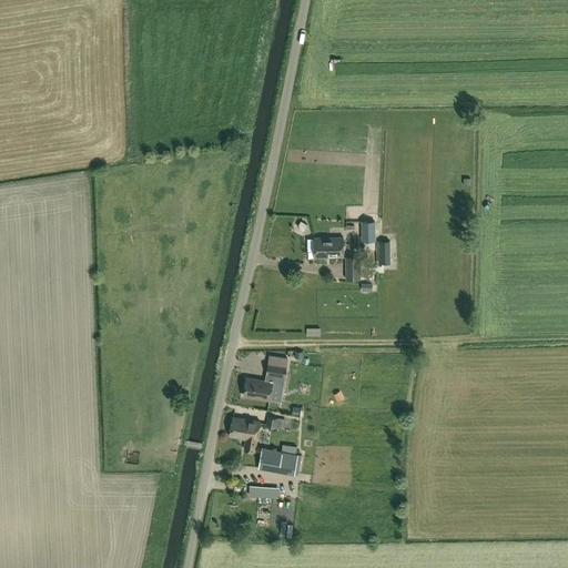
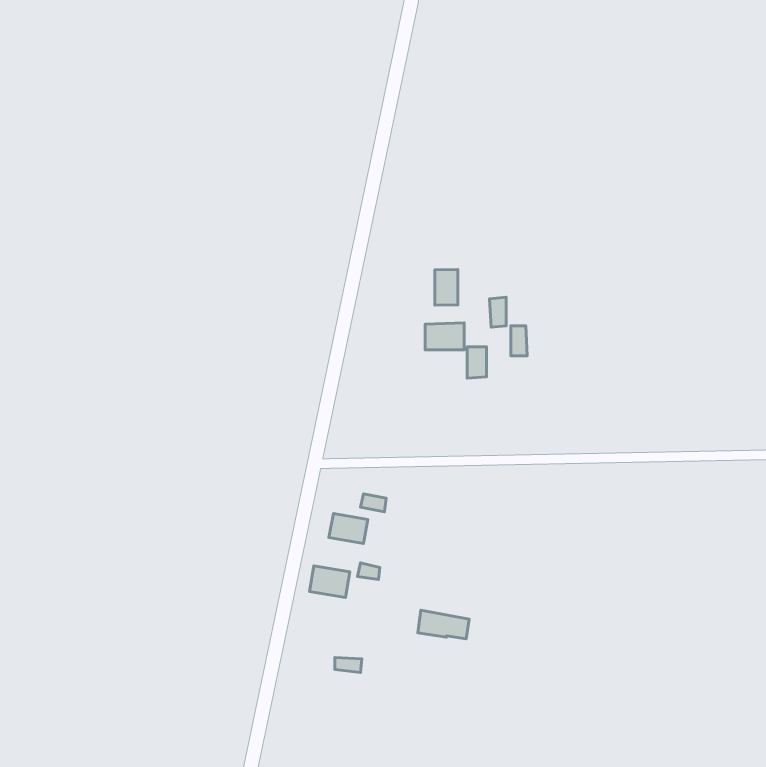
building: none -> [435,269,458,305]
building: [258,447,296,468] -> [418,610,469,639]

